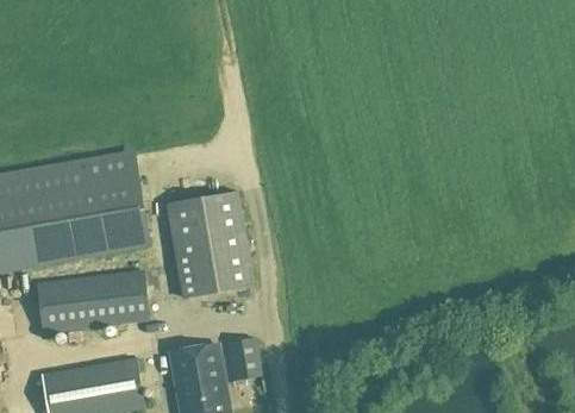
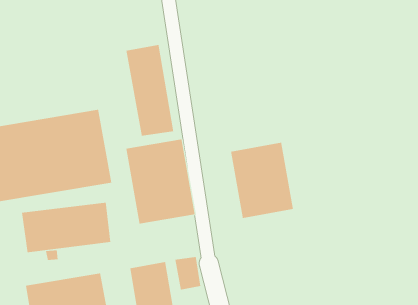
building: none -> [126,44,174,136]
building: none -> [231,142,294,219]

